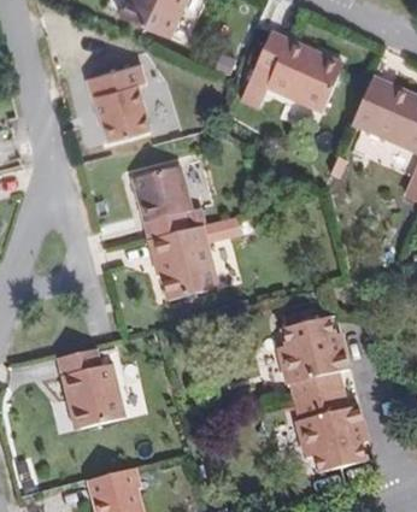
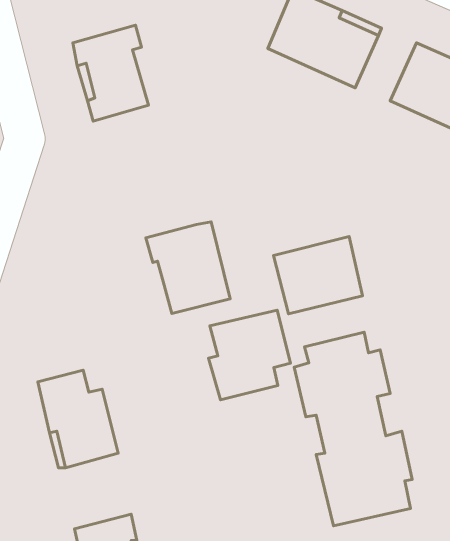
building: [134,165,194,239] -> none
building: none -> [274,236,362,314]
building: none -> [209,310,290,400]

